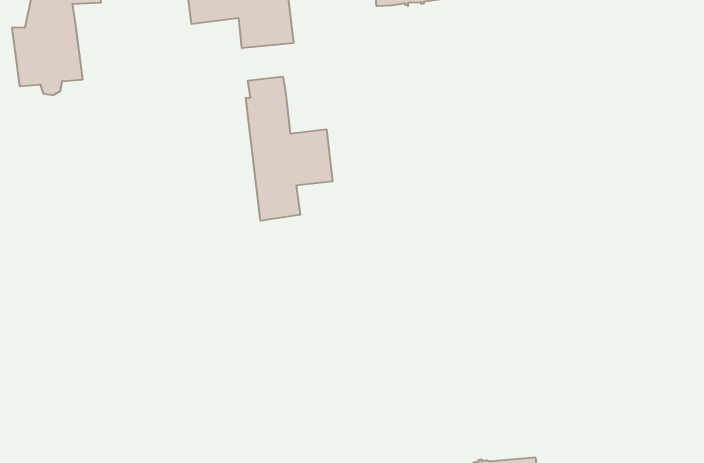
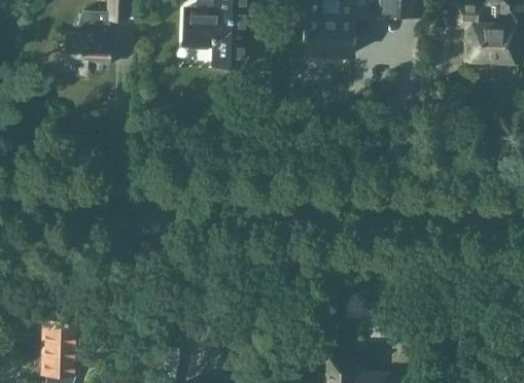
building: [246,77,332,221] -> none

